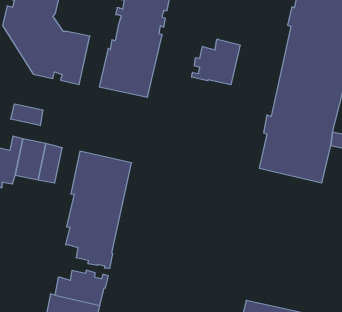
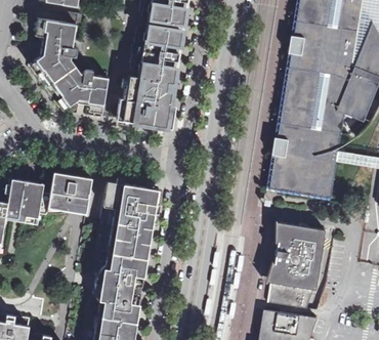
building: [192,39,240,85] -> none
building: [11,104,43,126] -> none
building: none -> [268,220,326,307]
building: none -> [92,266,136,299]

